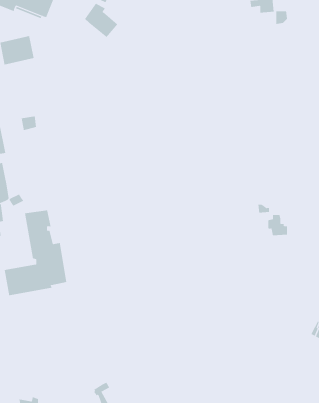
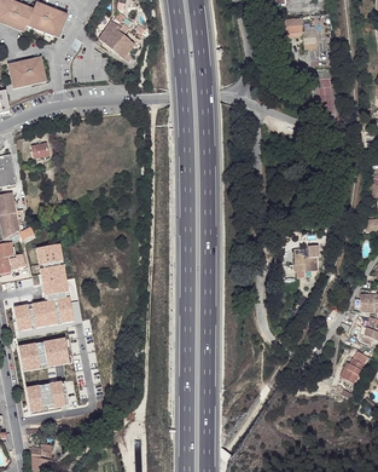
building: none -> [18,336,70,372]
building: none -> [25,380,70,413]

